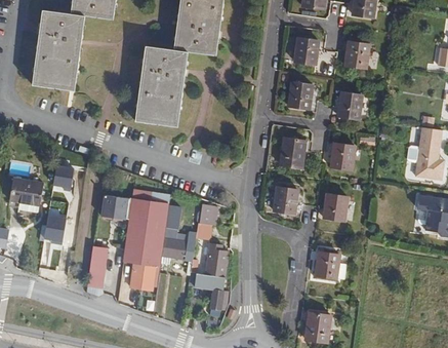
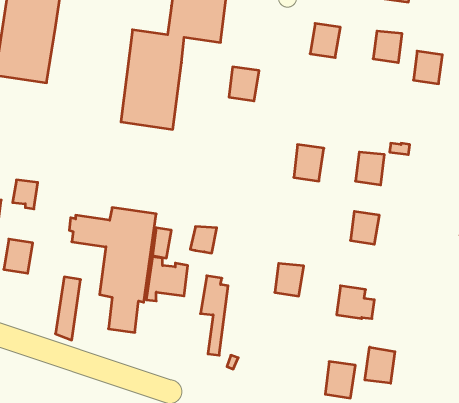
building: [286,82,311,110] -> [229,67,259,101]
building: [336,92,360,119] -> [413,51,442,84]
building: [272,187,295,214] -> [275,263,304,296]
building: none -> [365,347,395,383]

